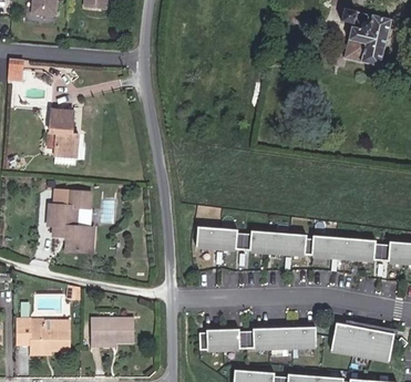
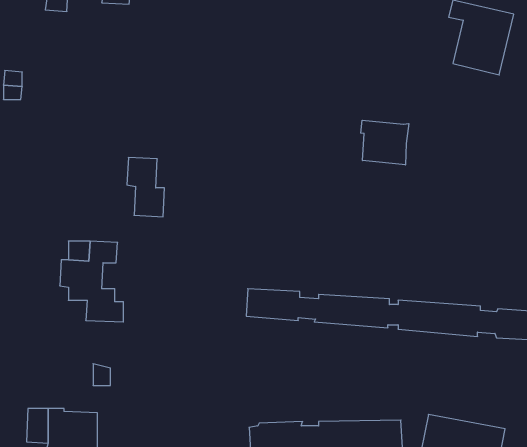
building: none -> [361,120,409,165]
building: [44,112,73,157] -> [127,158,164,217]
building: [97,318,141,343] -> none

